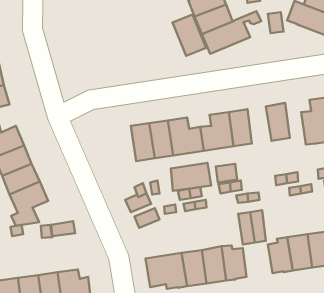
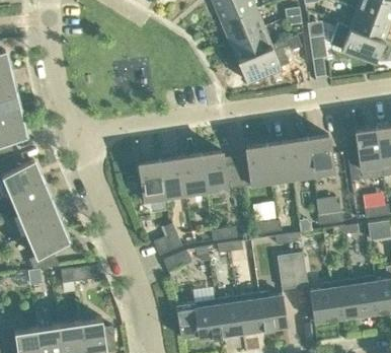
building: [173,15,206,56] -> none
building: none -> [287,139,313,180]
building: none -> [138,160,165,202]
building: [171,163,211,191] -> none

